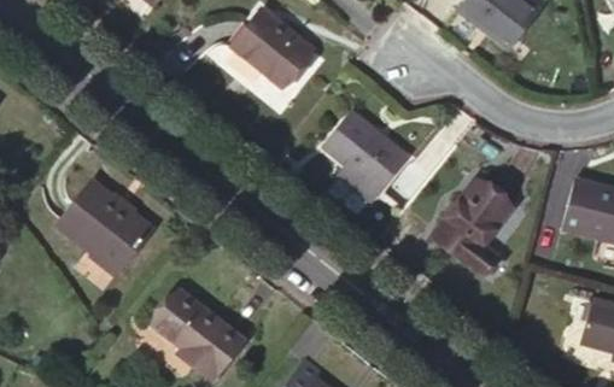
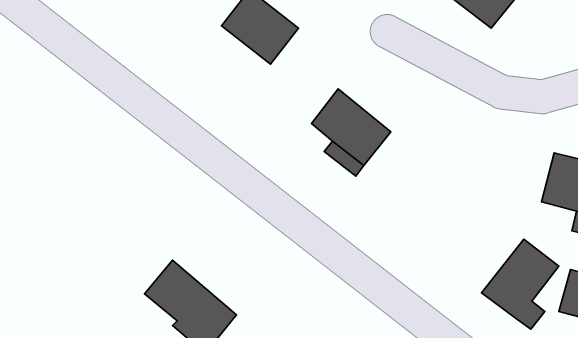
building: [55,178,147,264] -> none
building: [431,181,510,274] -> [482,239,559,329]

